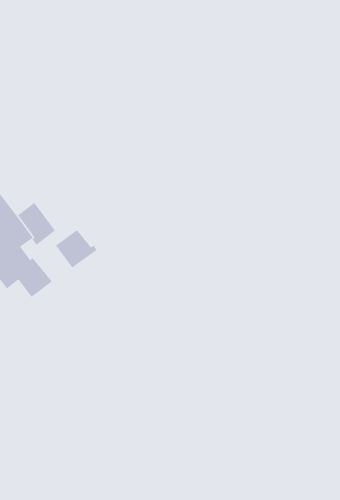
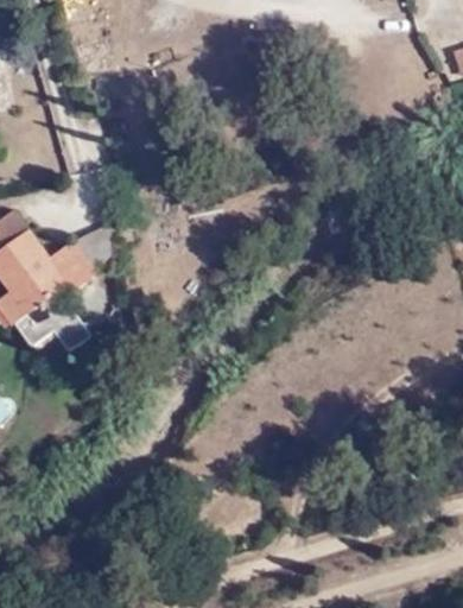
building: [55,229,98,268] -> none

